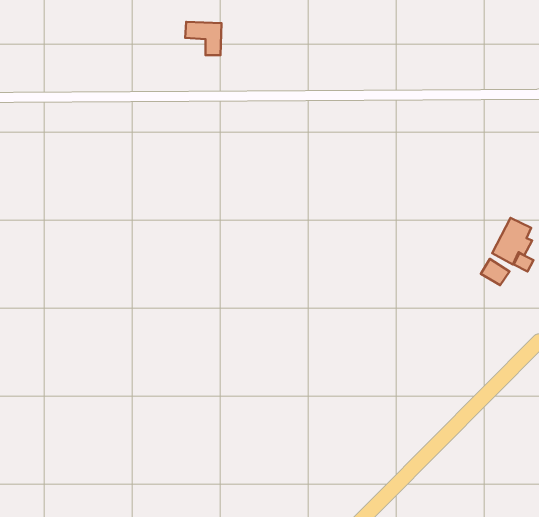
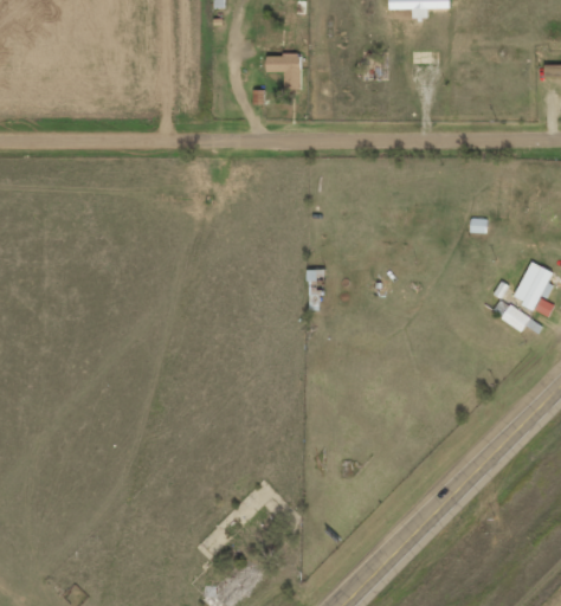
building: [185,22,222,55] -> [263,53,301,88]

